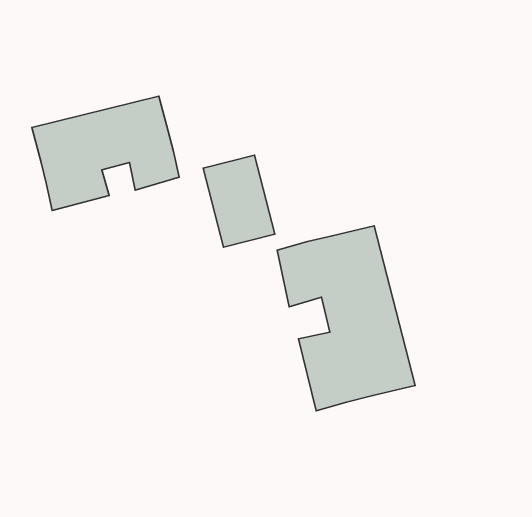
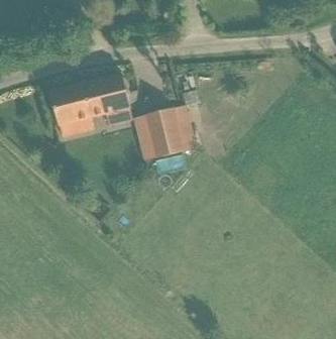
building: [277,226,415,411] -> none

